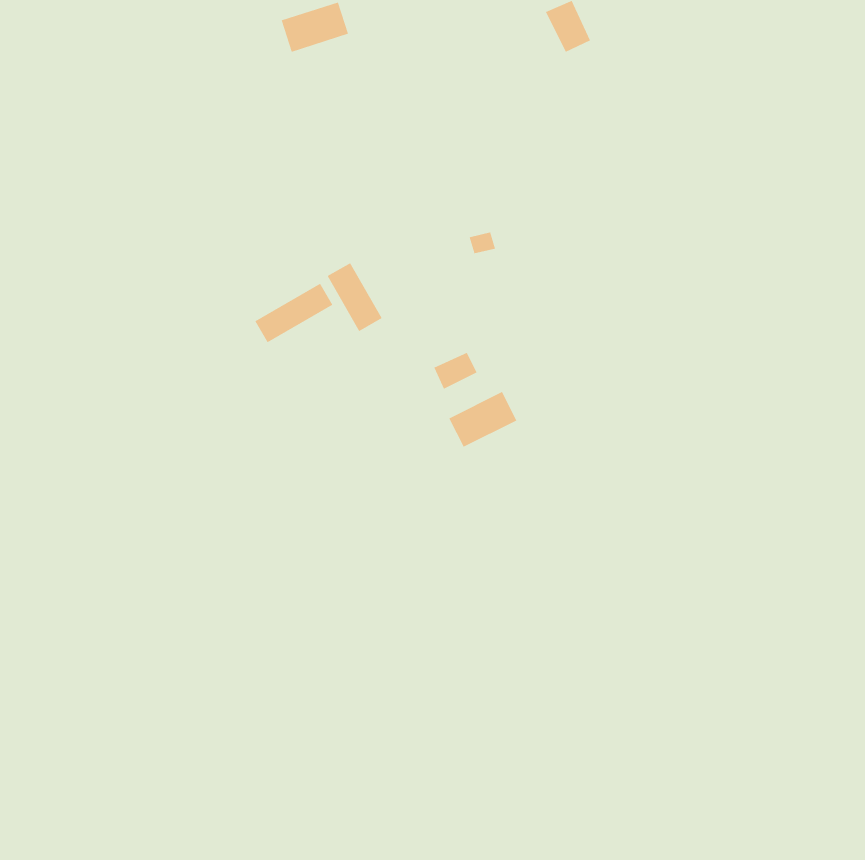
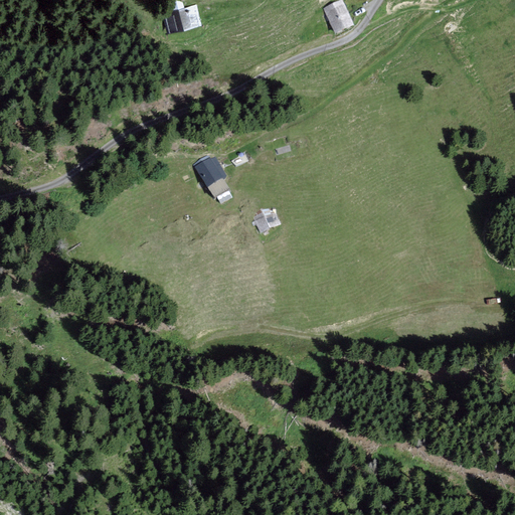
building: [254,283,333,343] -> none
building: [449,391,517,448] -> none

